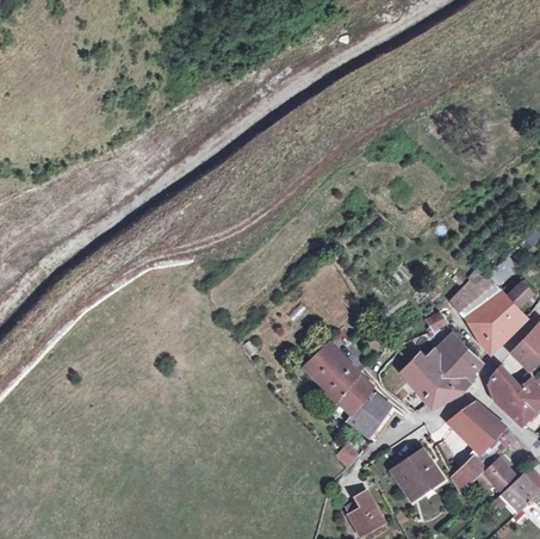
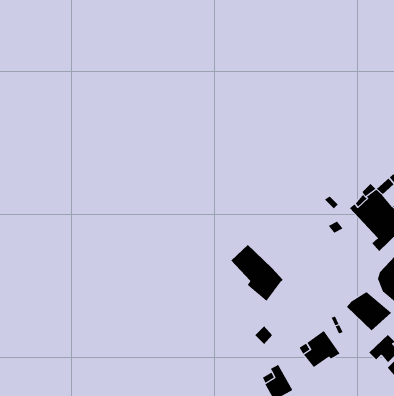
building: [399,330,483,408] -> none
building: [346,389,397,440] -> none
building: [451,457,484,492] -> none

